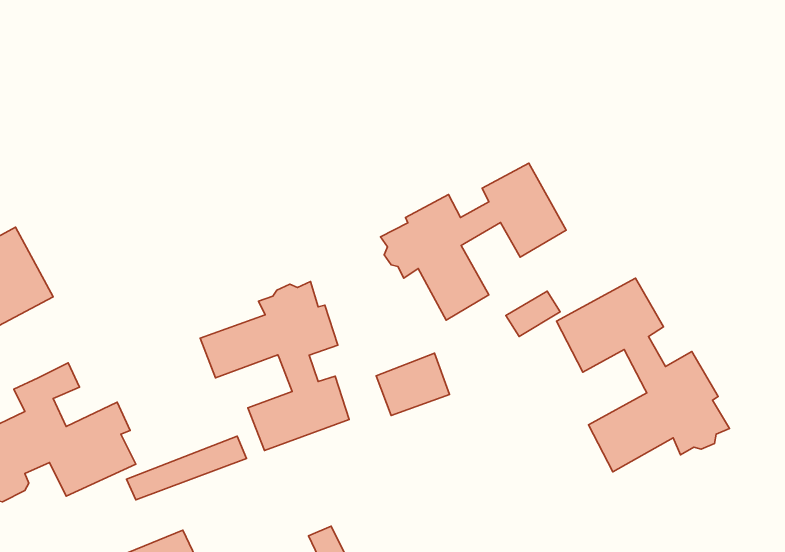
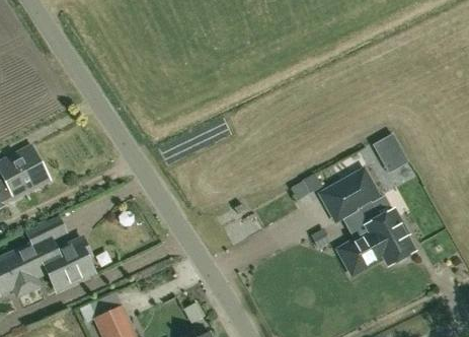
building: [381,163,566,320] -> none
building: none -> [371,134,407,174]
building: [200,282,349,451] -> none

